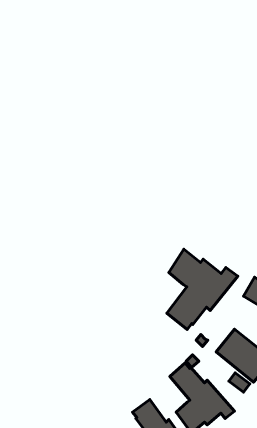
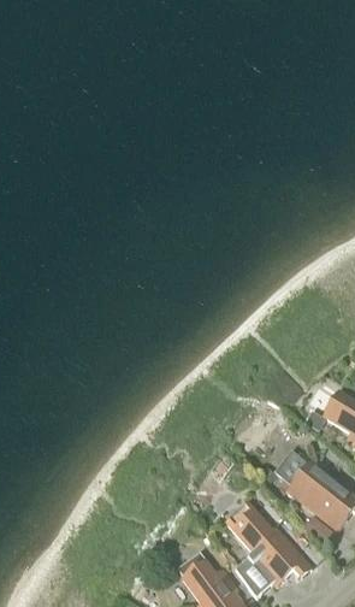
building: [167,249,238,330] -> none

